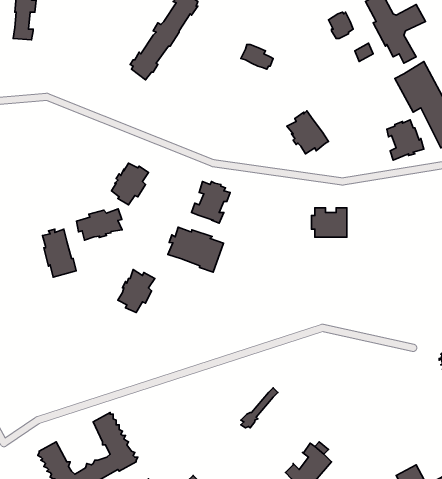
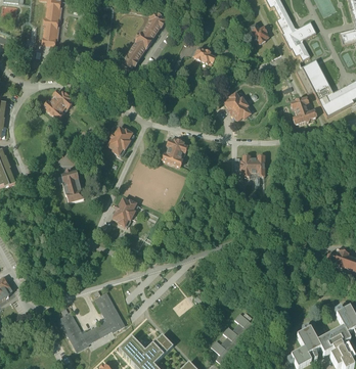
building: none -> [43,91,72,120]
building: [76,209,122,240] -> none
building: [168,227,224,272] -> none

